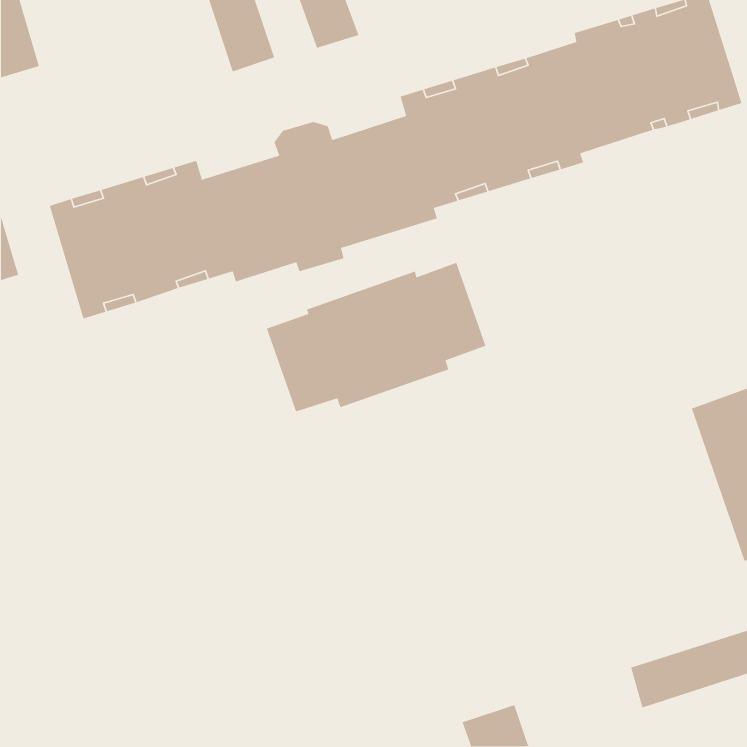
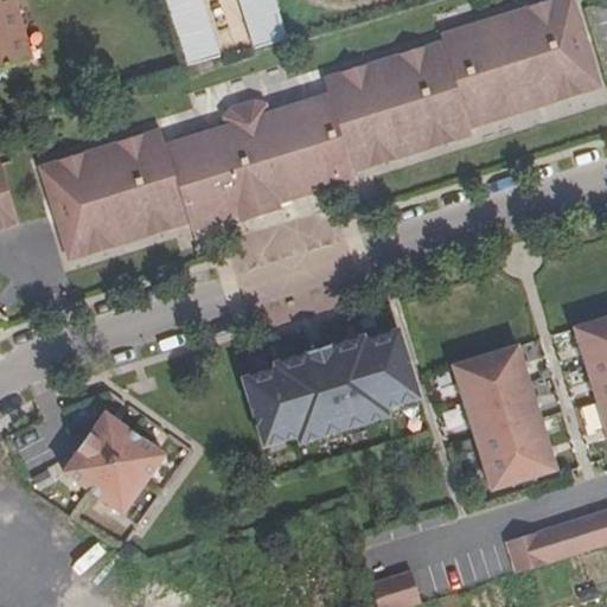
building: [266,262,486,413] -> [231,336,408,456]
building: none -> [440,346,548,492]
building: none -> [69,408,170,510]

